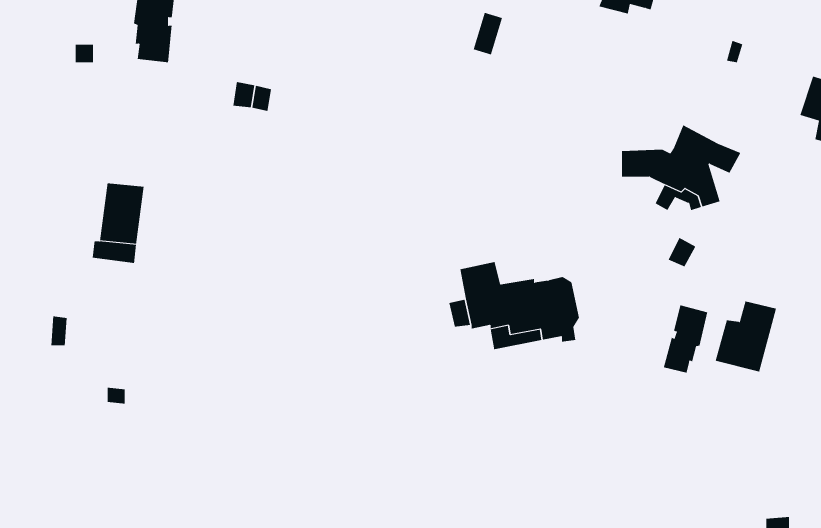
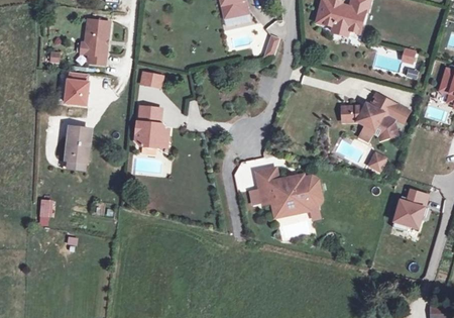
building: none -> [64,72,91,106]
building: none -> [130,107,163,147]
building: [663,305,708,374] -> none

